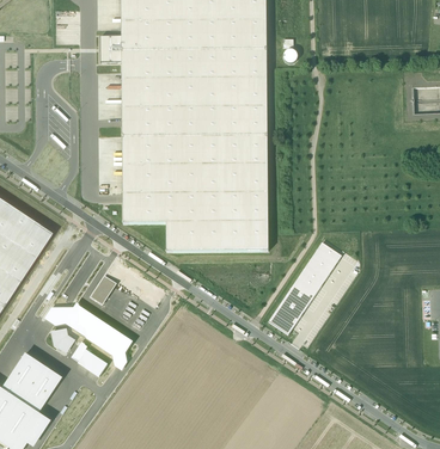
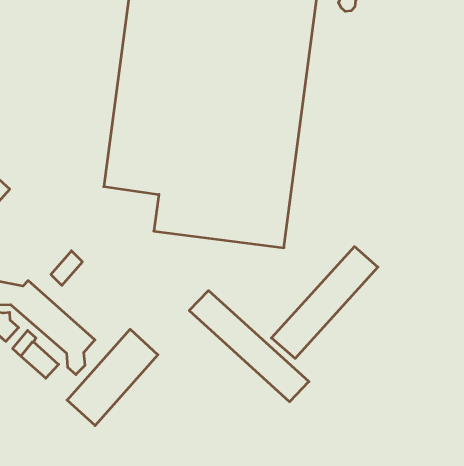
building: none -> [189,291,309,402]
building: none -> [67,329,158,426]

